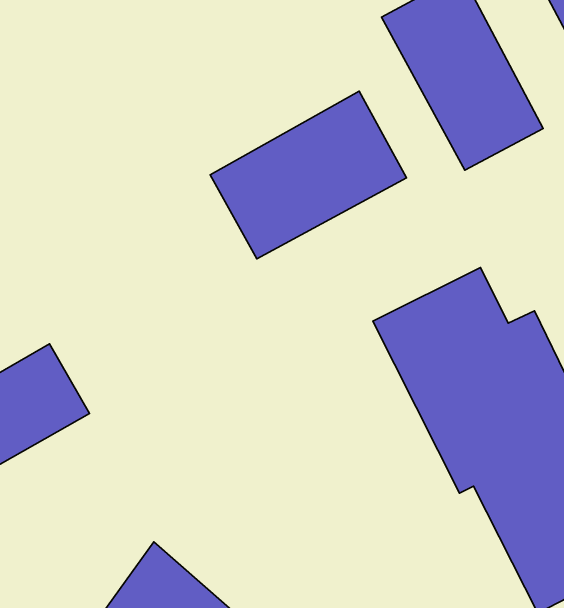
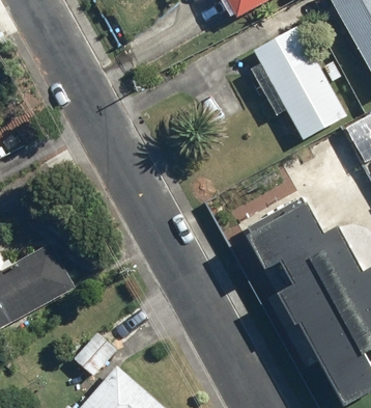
building: [210,91,406,259] -> none

